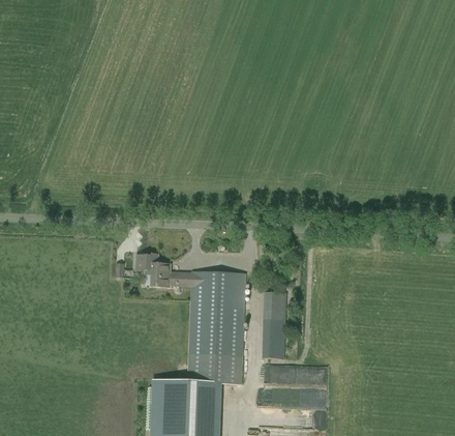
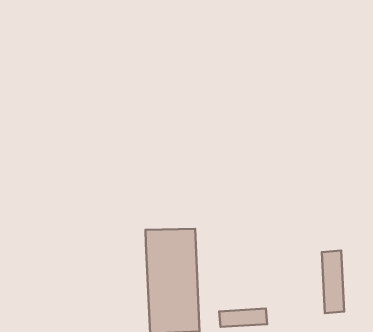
building: [136,254,192,287] -> none
building: [263,293,285,358] -> [322,251,344,313]

